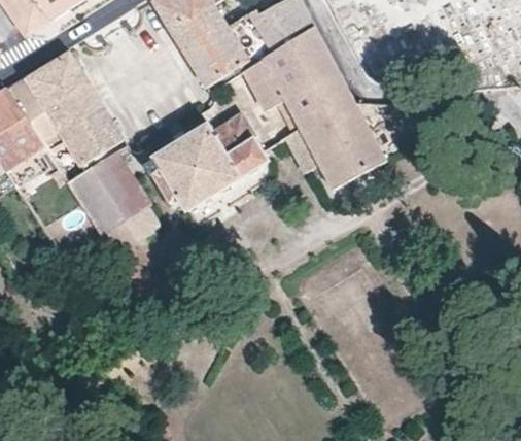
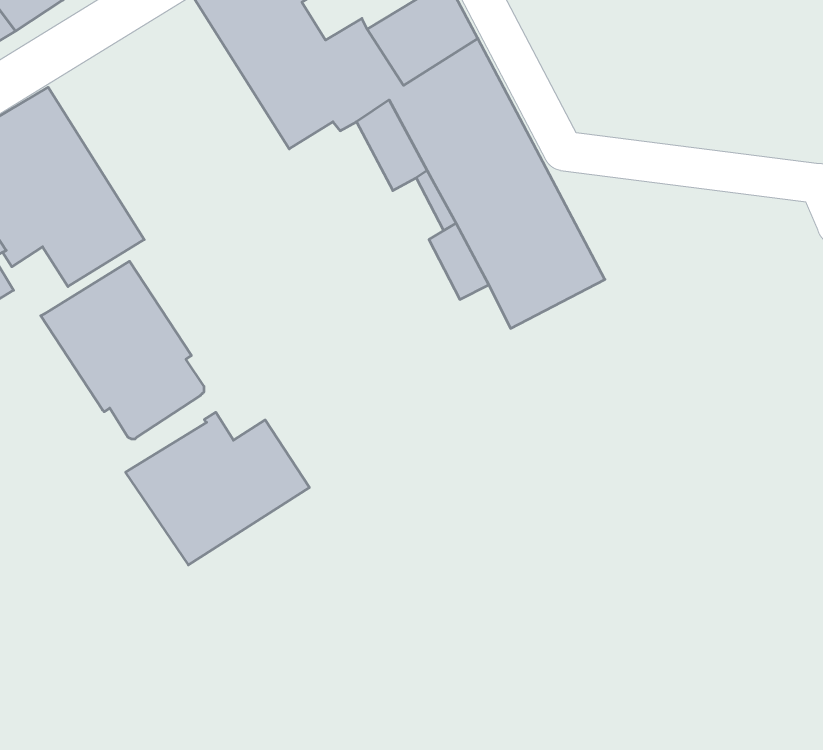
building: [142,114,268,210] -> none
building: none -> [126,412,309,565]

